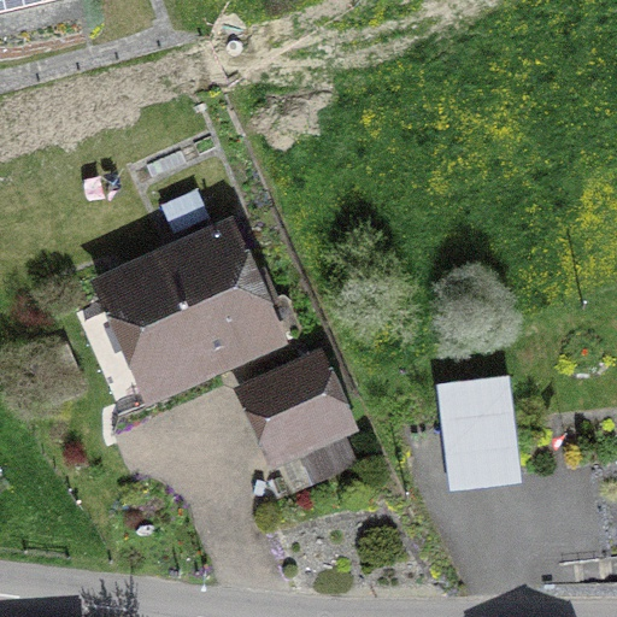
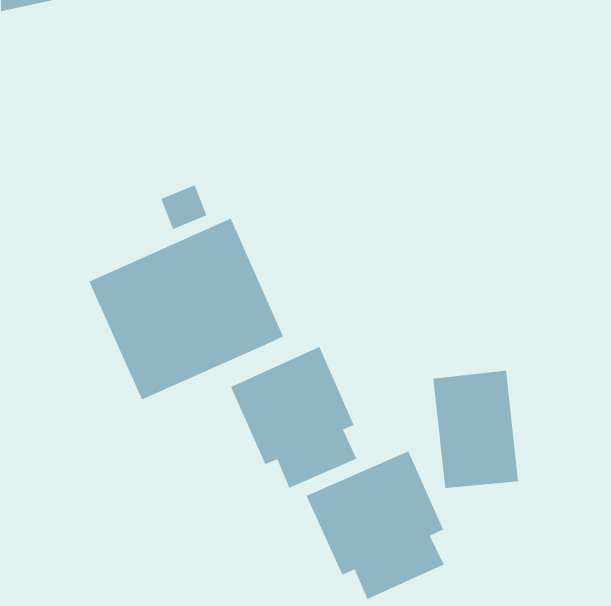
building: none -> [306,450,444,600]

